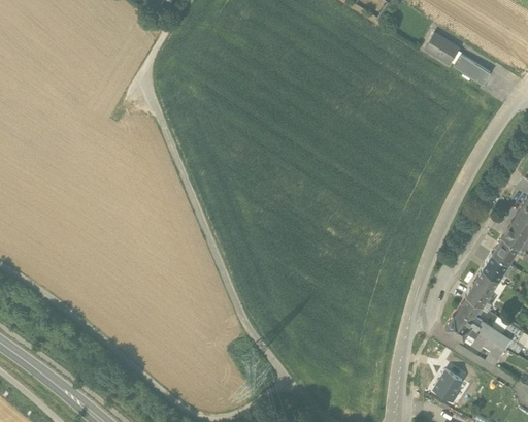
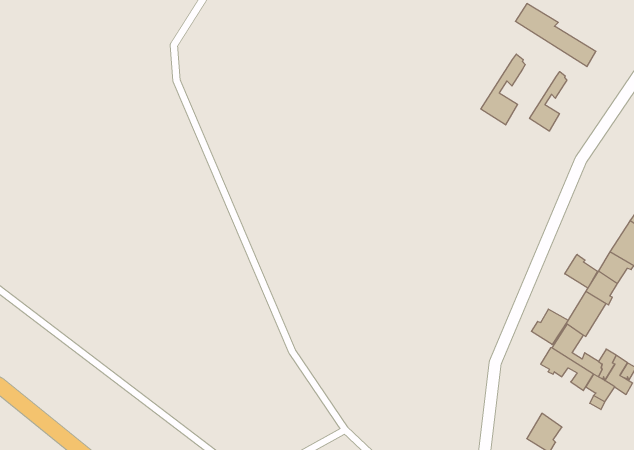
building: none -> [481,54,525,125]
building: none -> [530,72,567,131]
building: none -> [565,254,597,288]
building: none -> [531,309,568,345]

